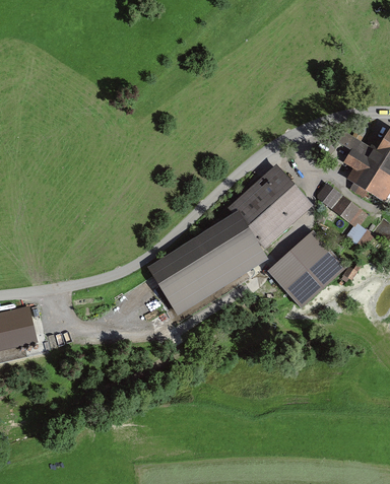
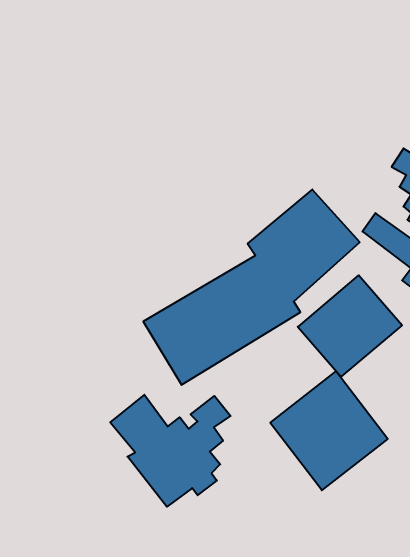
building: none -> [270,371,388,490]
building: none -> [110,395,231,507]

